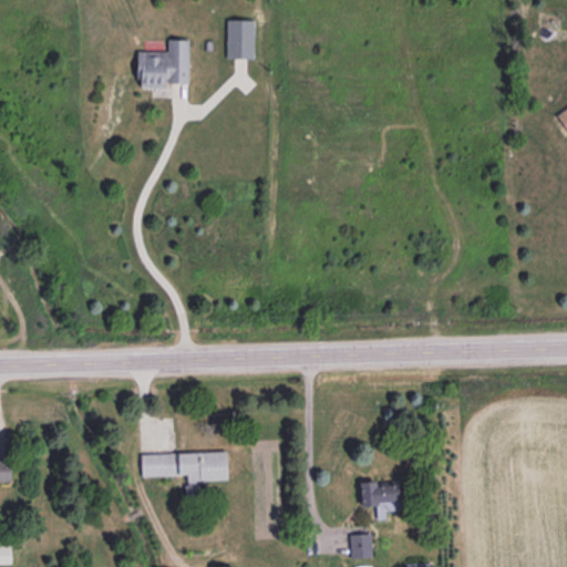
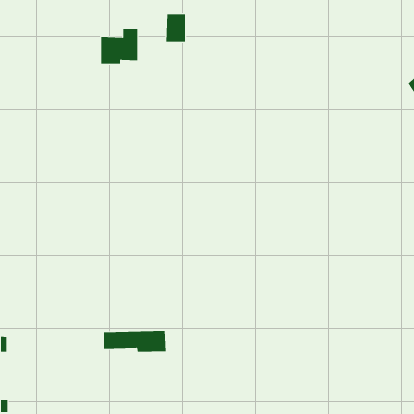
building: [361,482,400,520] -> none
building: [350,534,372,559] -> none

